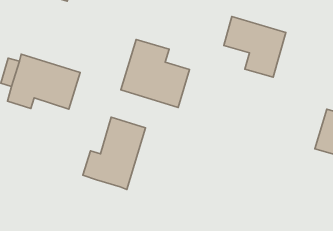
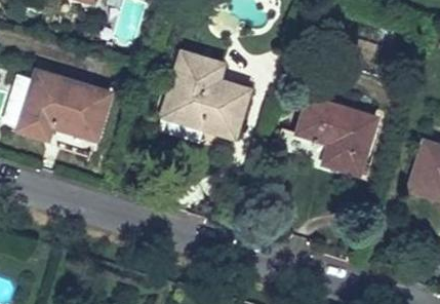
building: [224,16,286,77] -> [297,99,376,176]
building: [83,117,146,190] -> none

